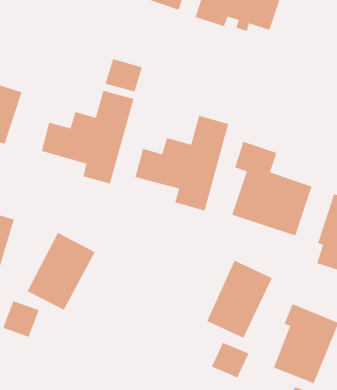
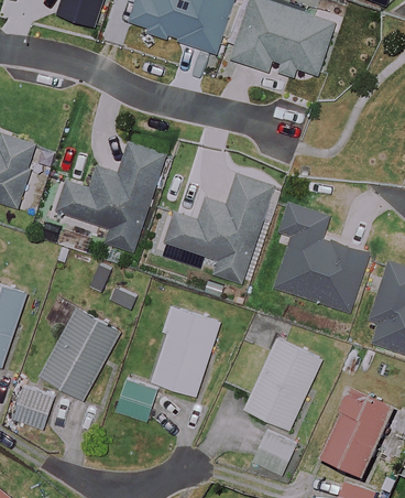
building: [104,58,143,93] -> none
building: none -> [146,304,219,394]
building: none -> [114,380,157,421]

